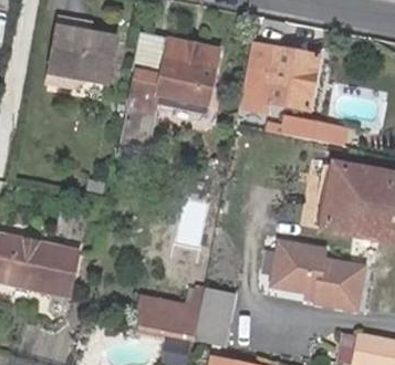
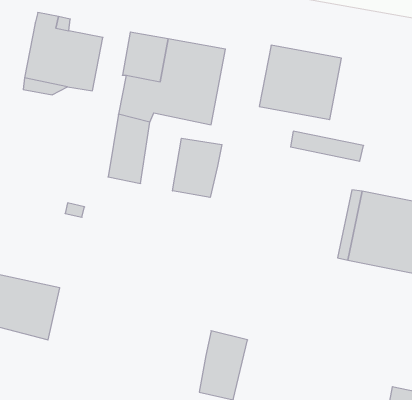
building: none -> [173,138,222,197]
building: [272,237,370,311] -> none
building: [129,294,201,340] -> none

